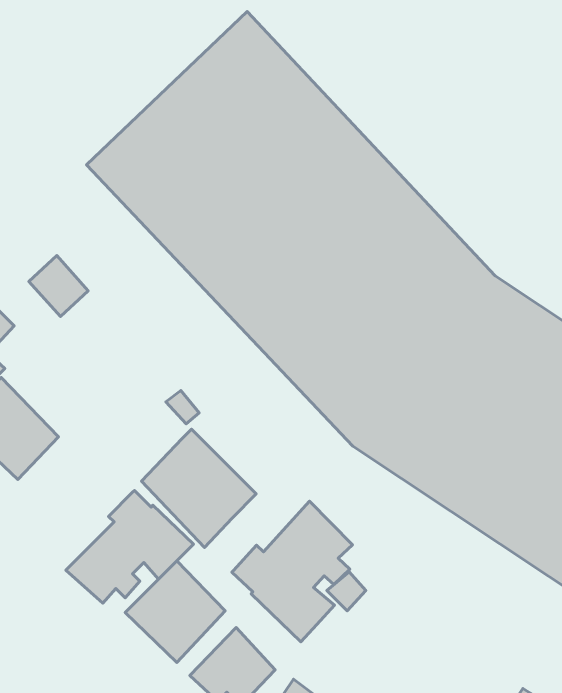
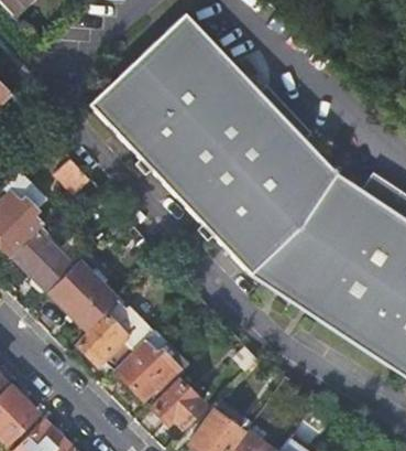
building: [142,429,256,548] -> [51,260,119,331]
building: [232,501,353,642] -> none

